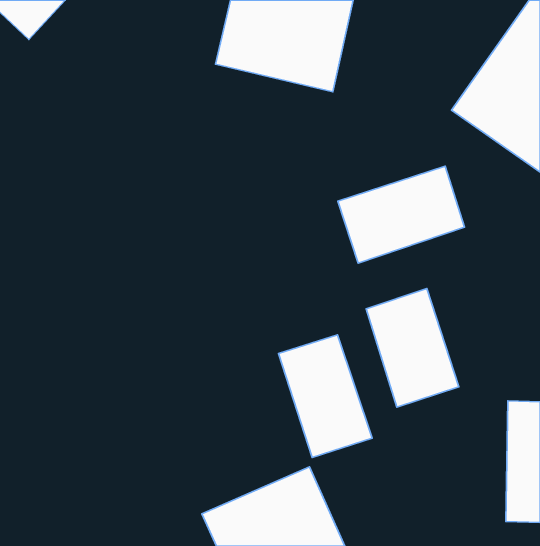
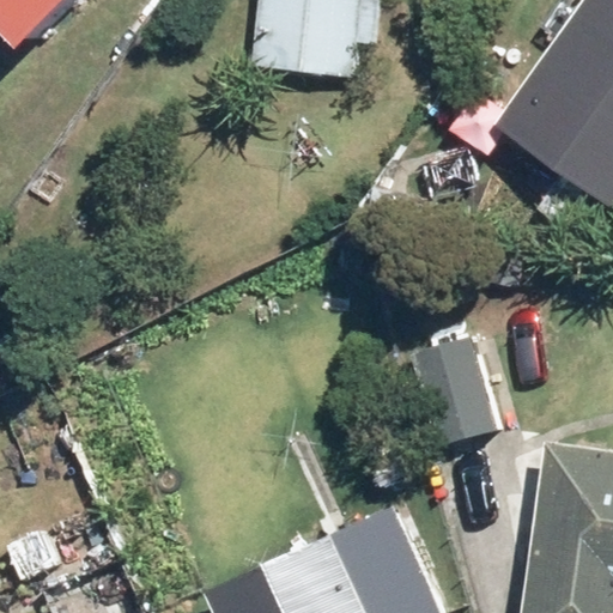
building: [338,166,465,263] -> none
building: [278,335,372,458] -> none

